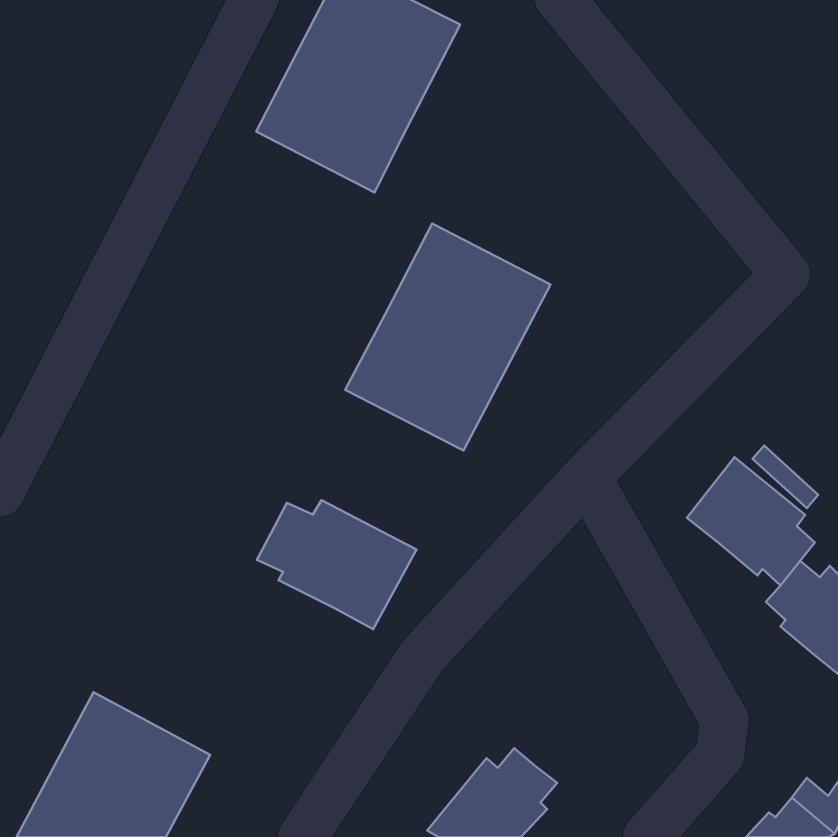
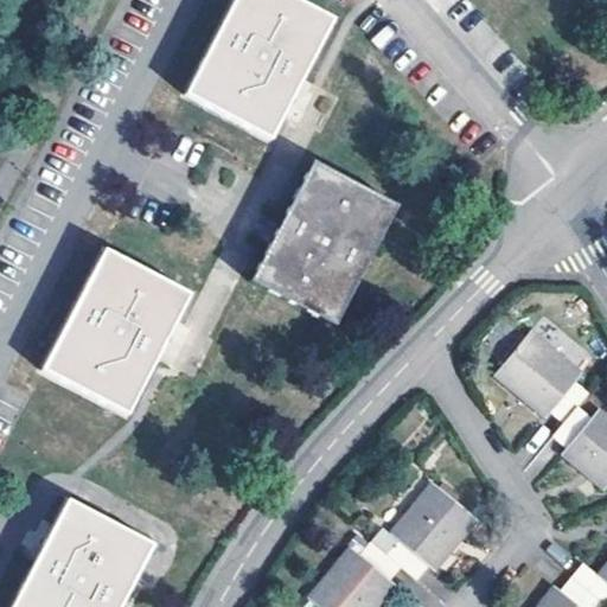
building: none -> [44,249,190,414]
building: [257,500,416,629] -> none
building: none -> [388,483,477,579]

